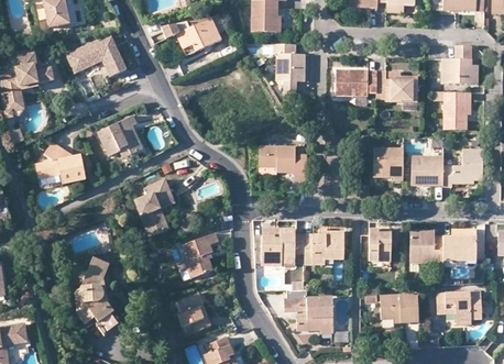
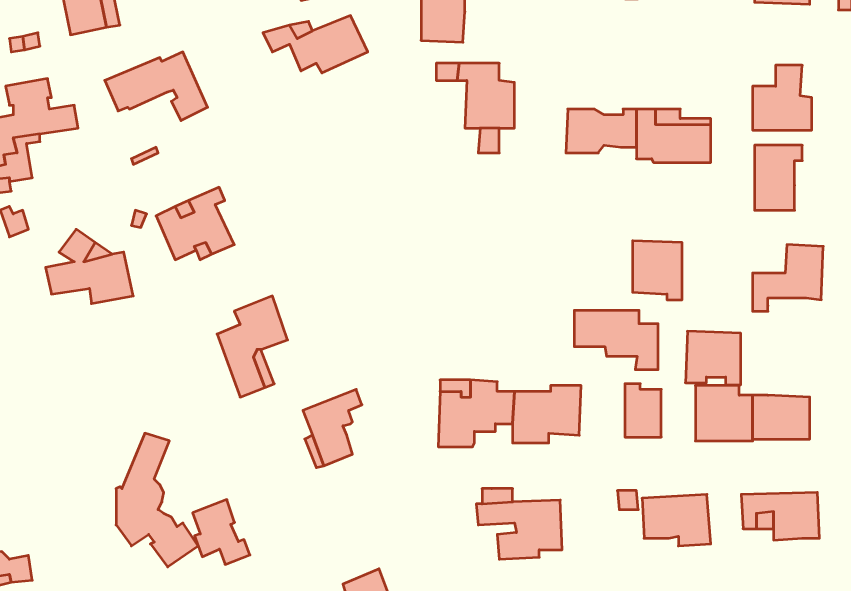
building: [258,145,306,179] -> [574,310,658,370]
building: [410,155,442,186] -> [685,331,741,385]
building: [177,293,210,330] -> [193,500,250,564]

